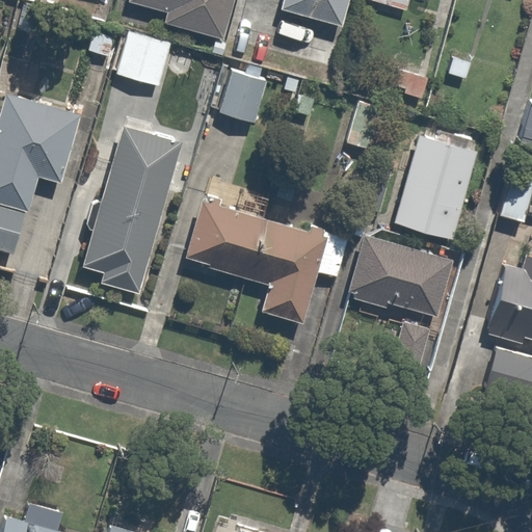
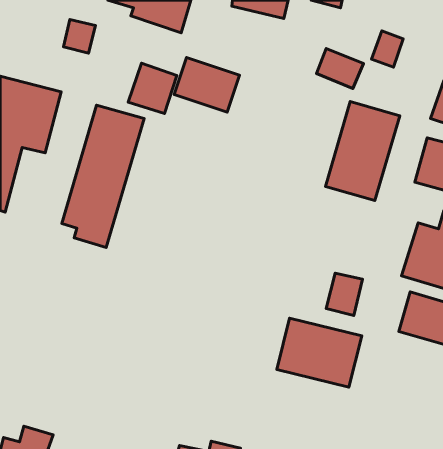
building: [117,28,175,87] -> [128,63,177,114]
building: [179,192,356,325] -> none
building: [347,236,451,320] -> none
building: none -> [277,318,362,387]

